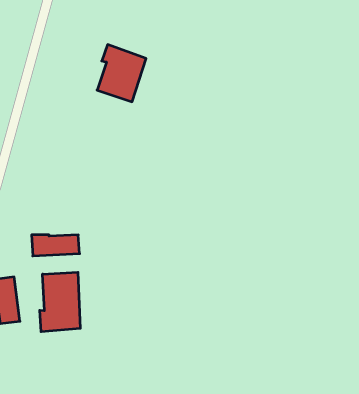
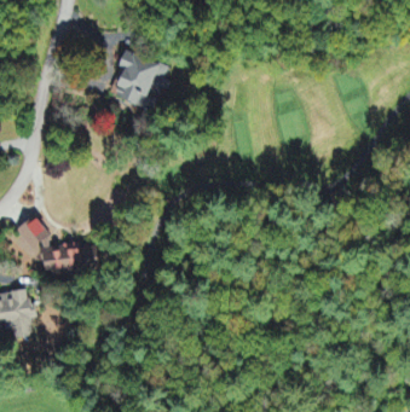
building: [40,272,80,332] -> none

